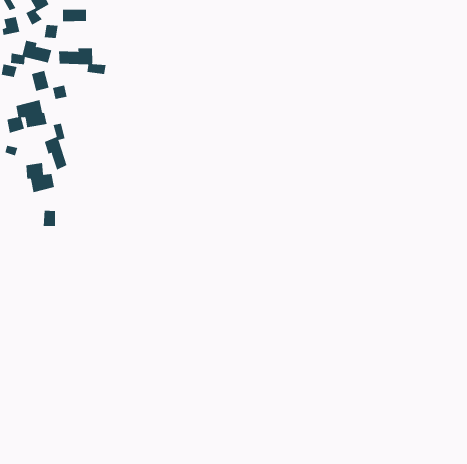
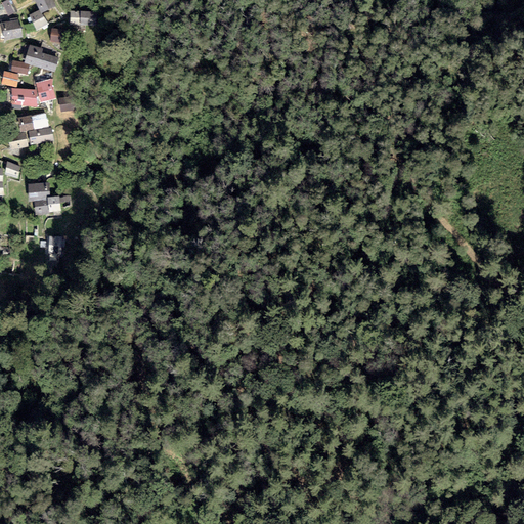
building: [58,47,106,75] -> none
building: none -> [11,88,36,105]
building: [44,123,67,171] -> none

